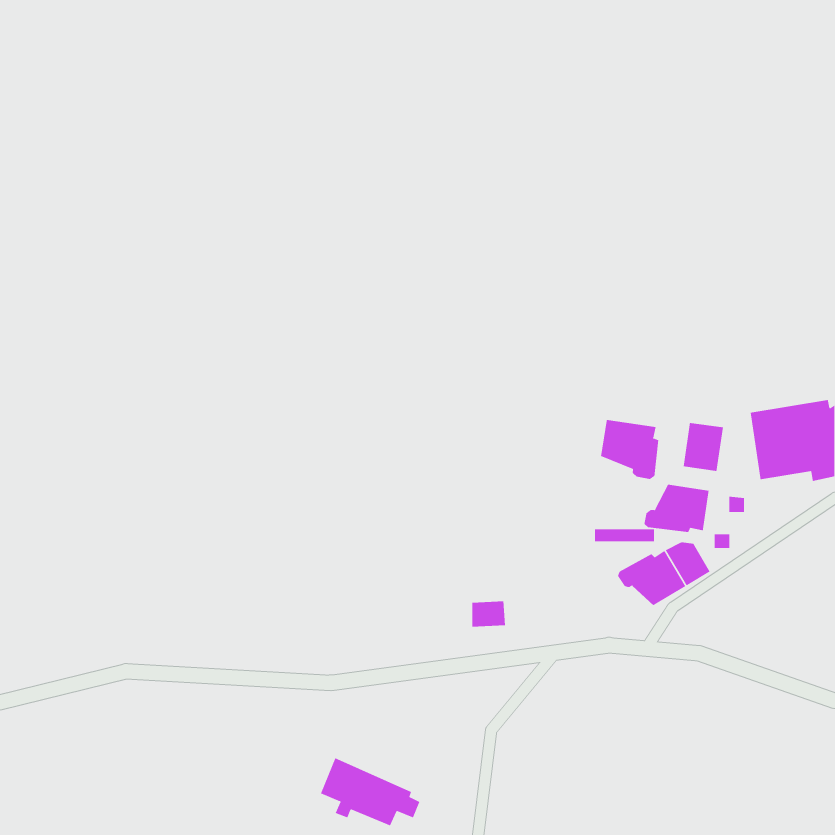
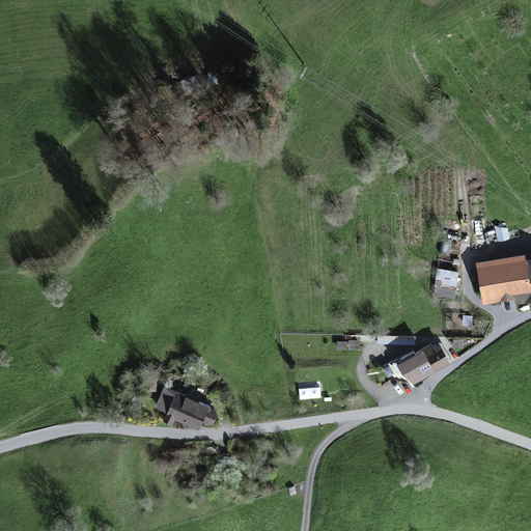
building: [601,419,659,480] -> none
building: [644,484,709,533] -> none
building: [320,758,420,826] -> [153,385,217,428]

